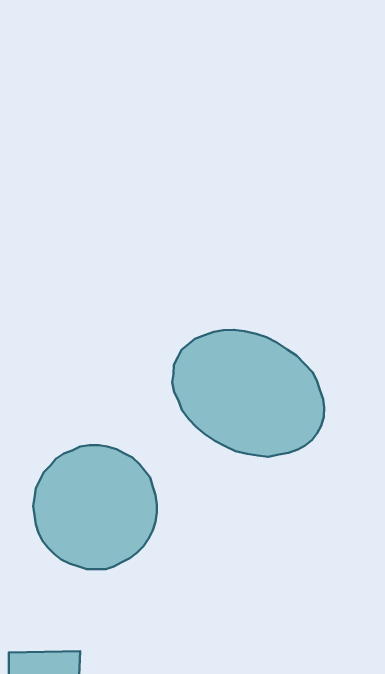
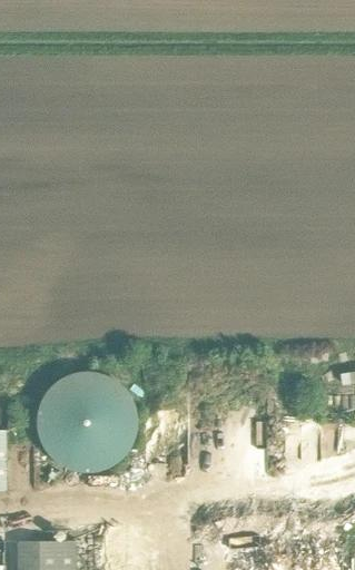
building: [172,330,324,457] -> none

